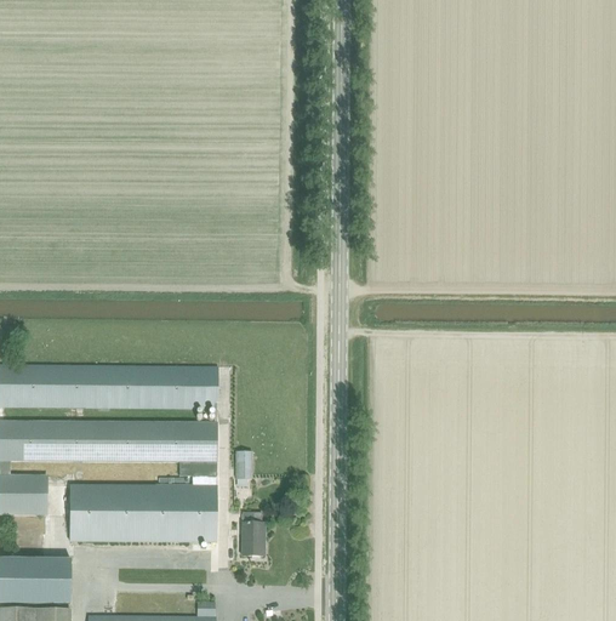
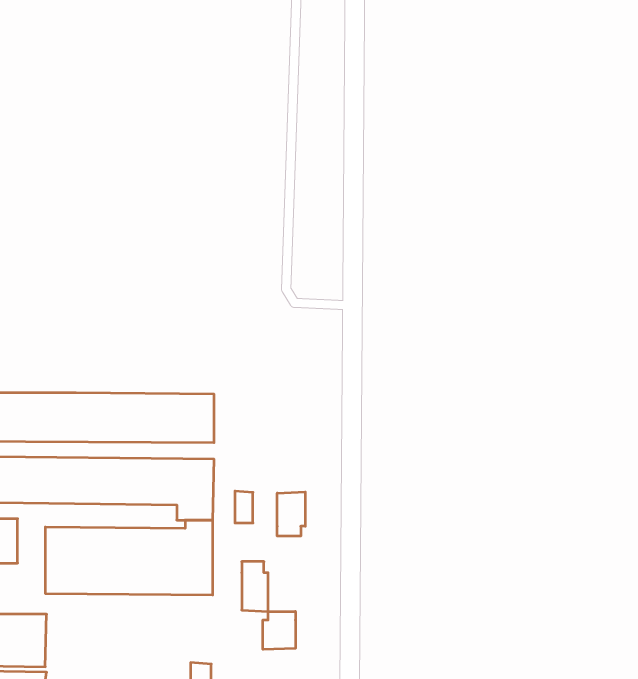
building: none -> [277,492,305,536]
building: none -> [263,611,295,649]

